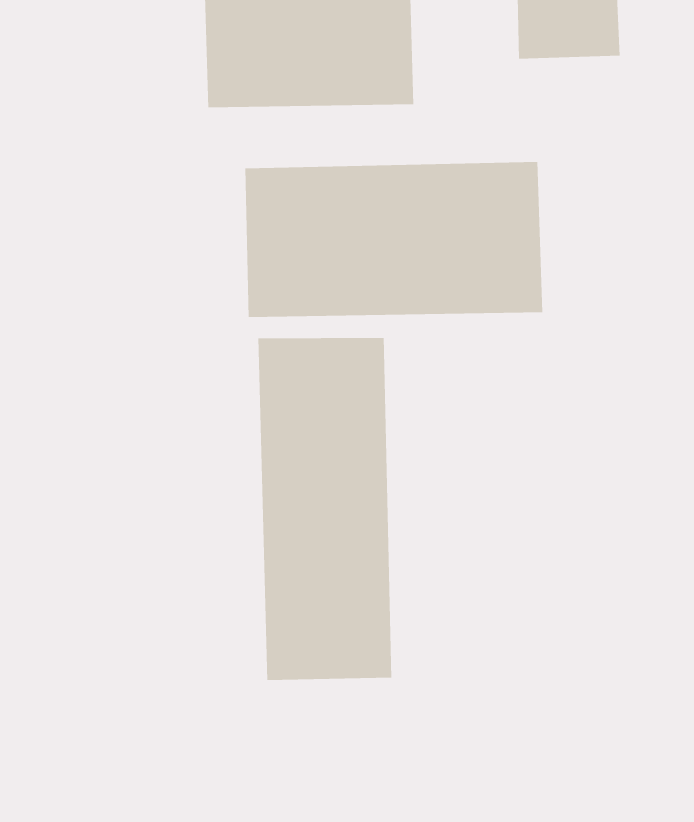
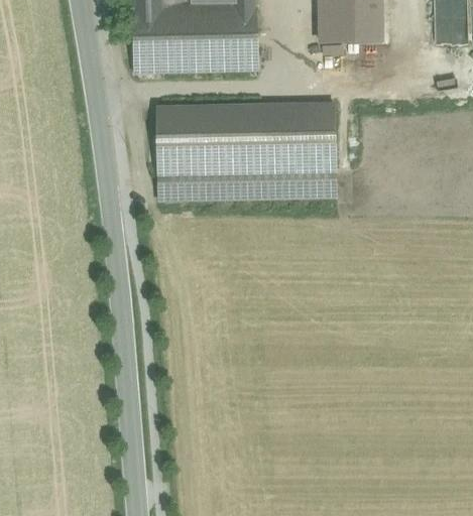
building: [258,337,392,681] -> none

